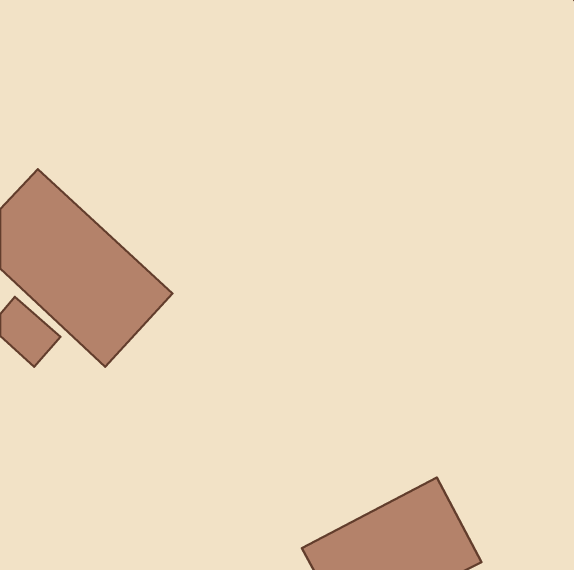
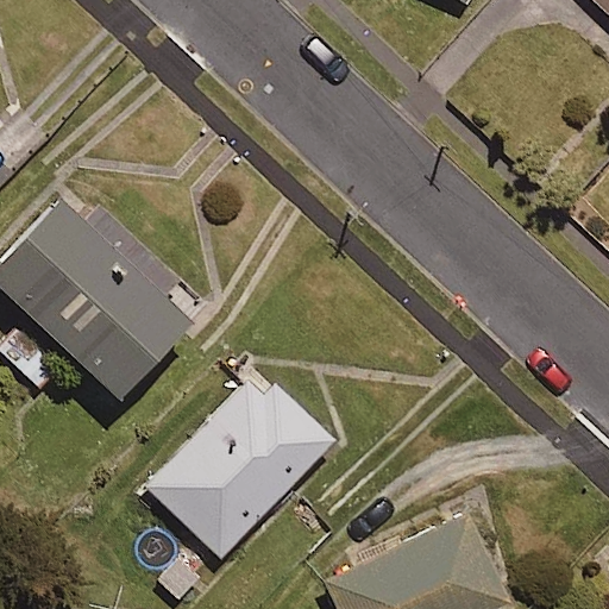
building: none -> [146,369,334,560]

